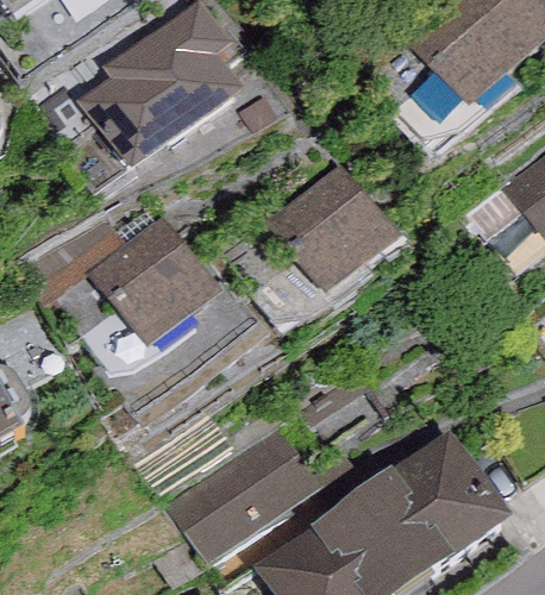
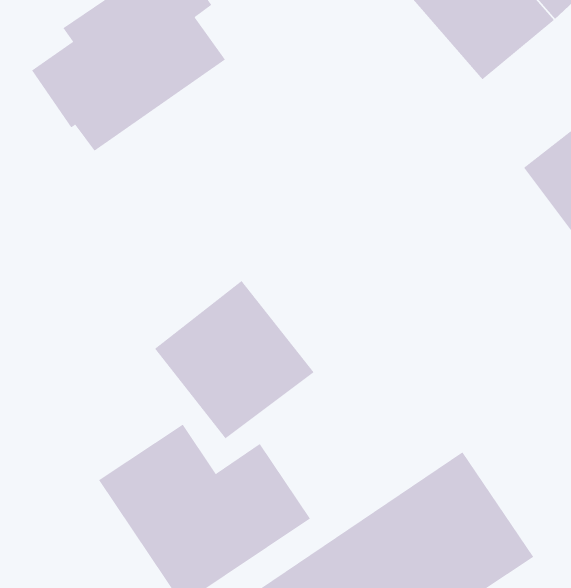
building: [265,158,401,294] -> none
building: [84,212,224,350] -> [154,280,314,439]

